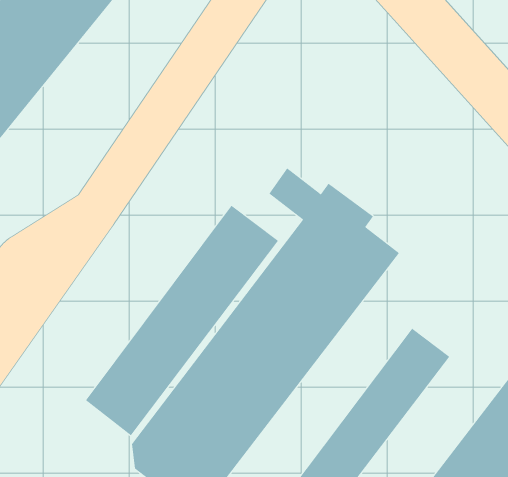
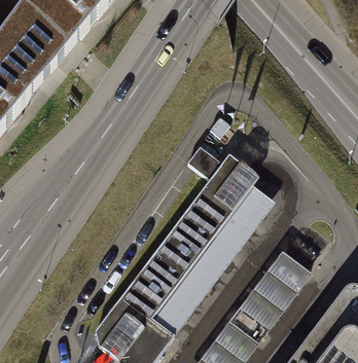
building: [85,205,279,436] -> none

